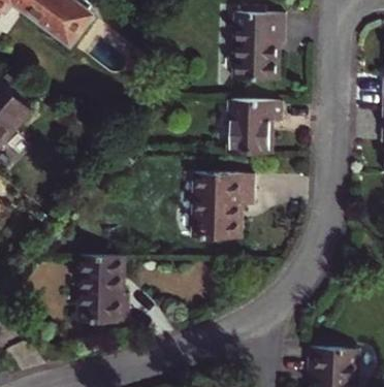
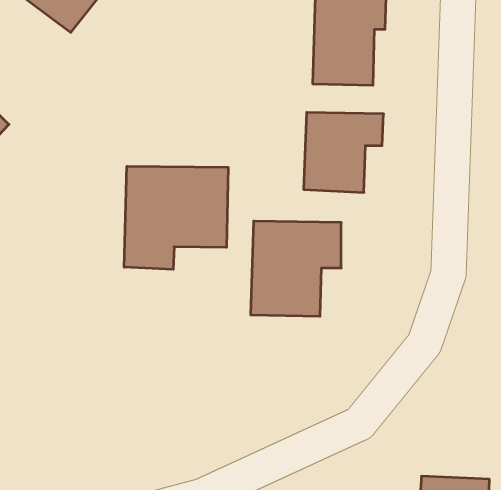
building: none -> [124,166,228,269]
building: [81,257,128,323] -> none

